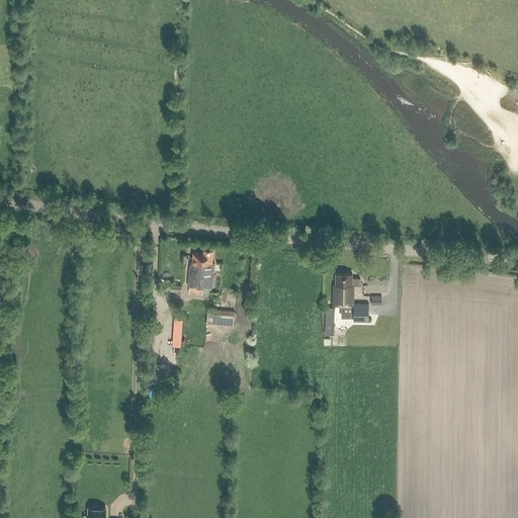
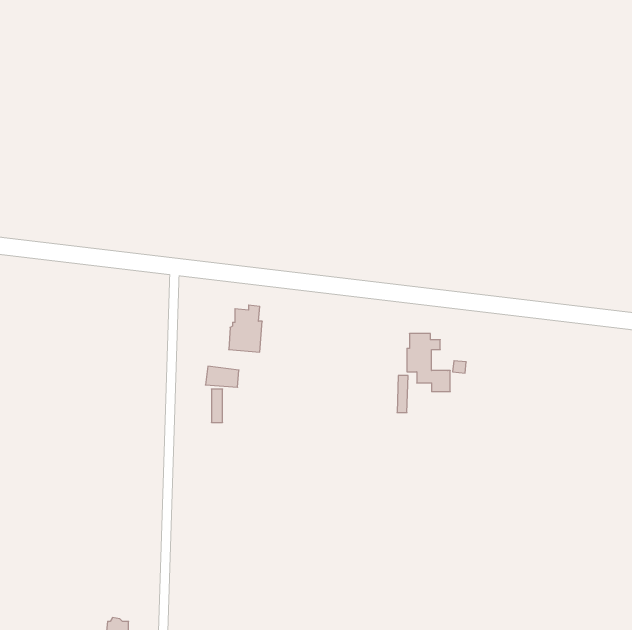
building: [206,310,234,327] -> [205,366,239,387]

